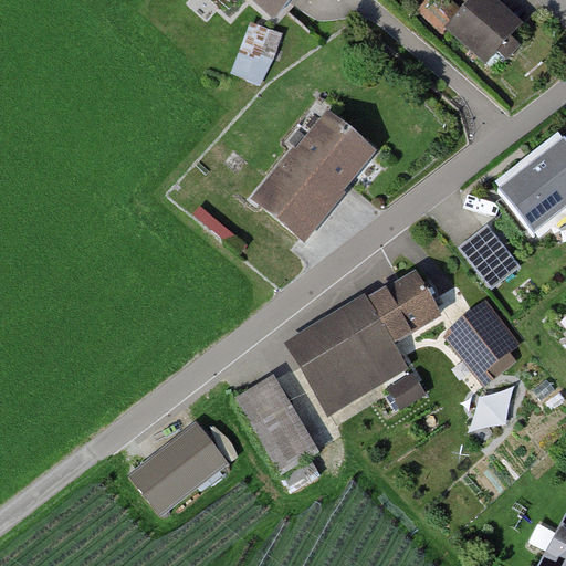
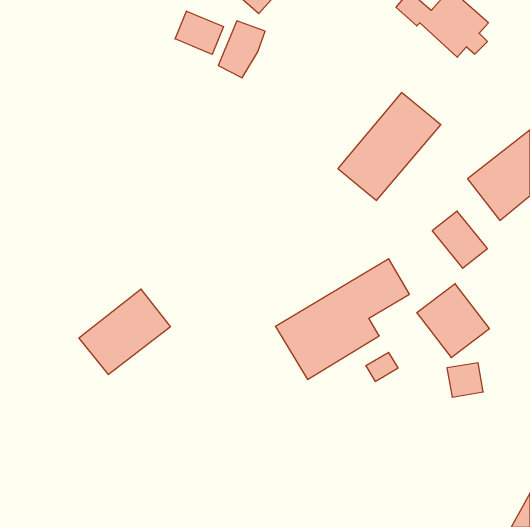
building: none -> [175,11,224,54]
building: [260,118,369,233] -> [338,93,441,201]
building: [238,377,317,485] -> none
building: [129,422,227,513] -> [79,289,170,374]

